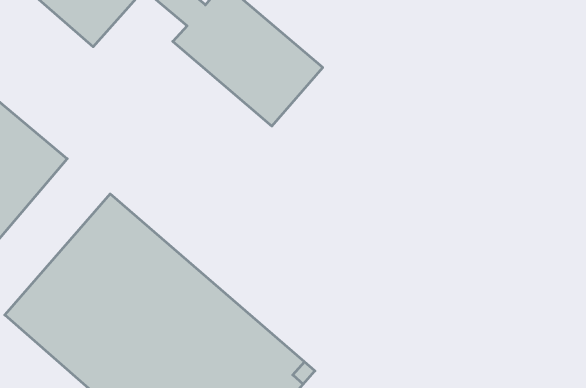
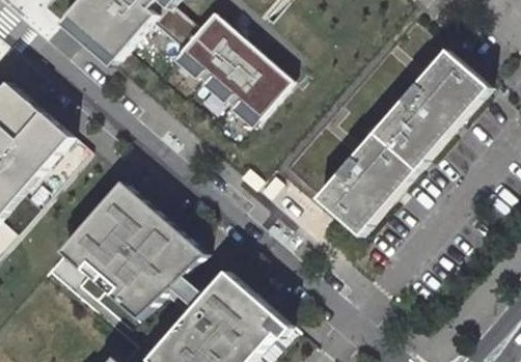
building: none -> [316,48,487,231]

